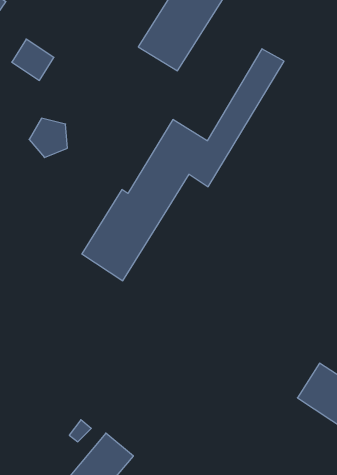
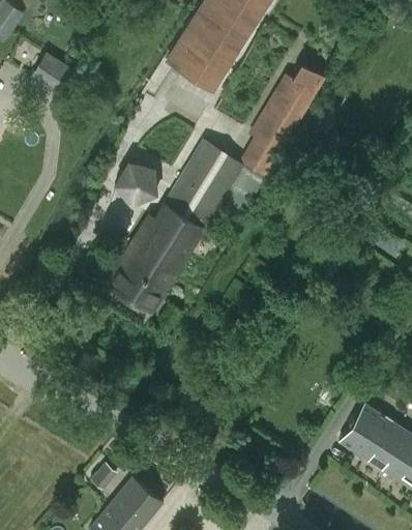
building: [29,118,67,158] -> [114,163,155,205]

